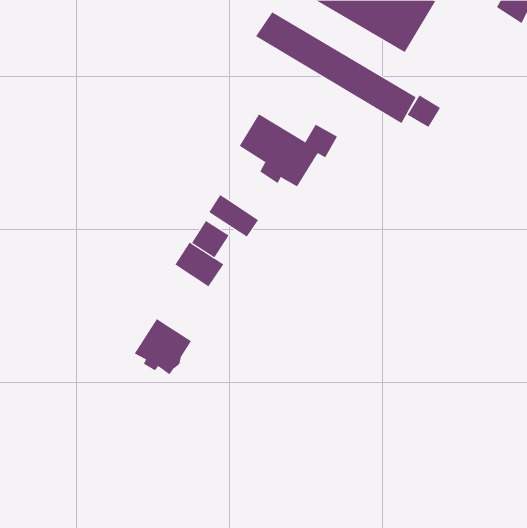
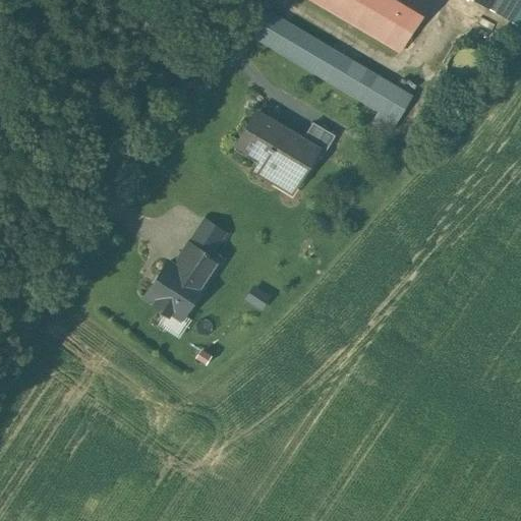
building: [407,95,441,128] -> none
building: [209,194,259,238] -> none
building: [134,318,192,375] -> [144,260,201,316]

